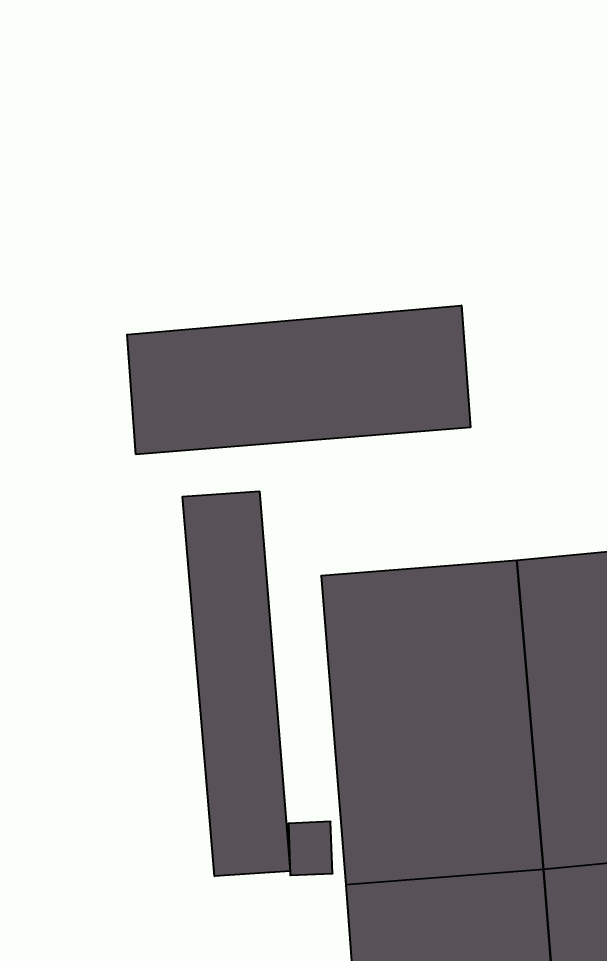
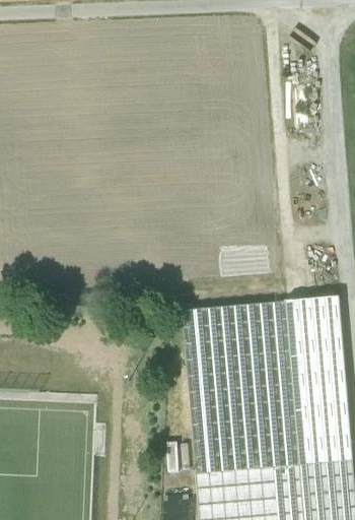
building: [127,305,470,454] -> none
building: [183,491,290,876] -> none

